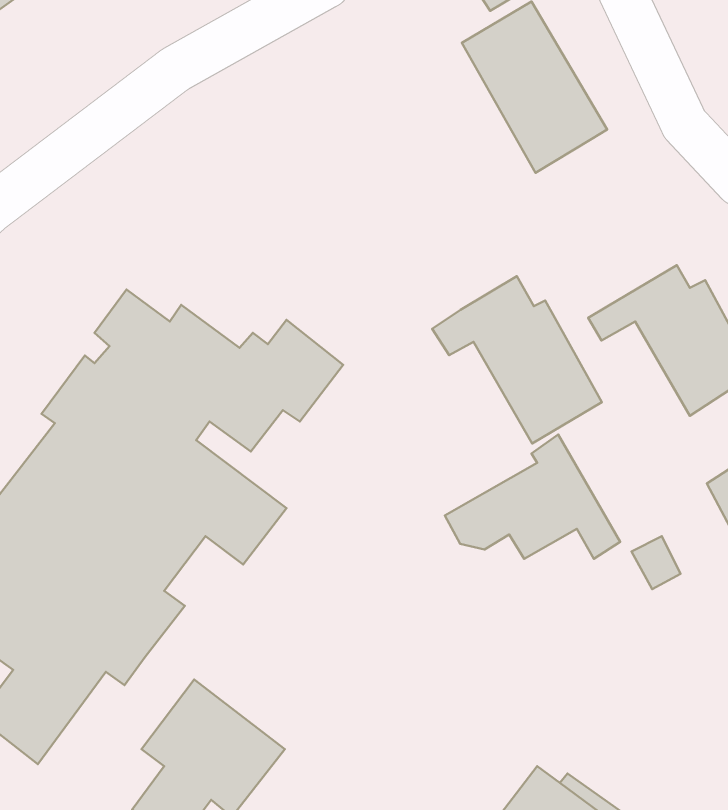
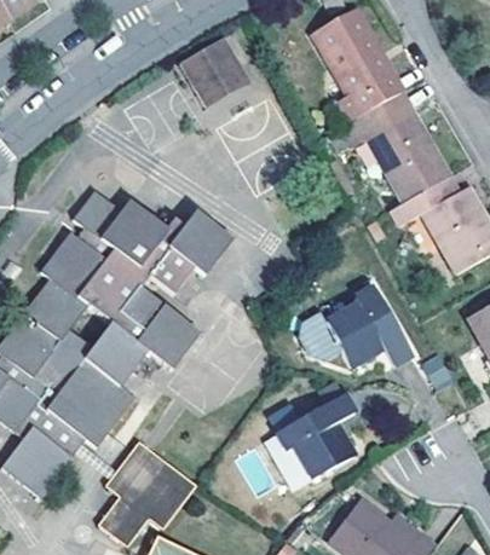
building: none -> [179,37,248,108]
building: [432,276,602,444] -> [340,96,449,203]
building: none -> [276,392,357,480]

